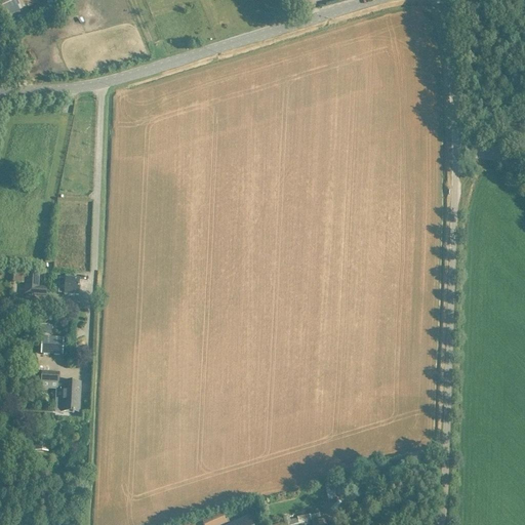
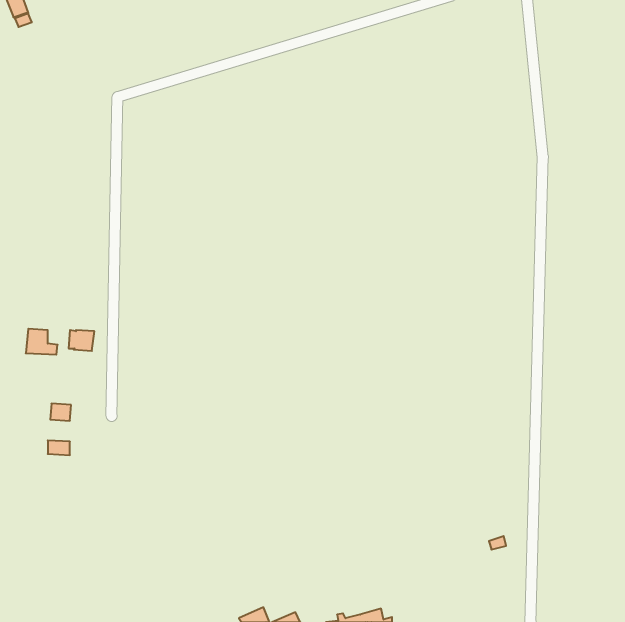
building: [59,378,80,410] -> none

